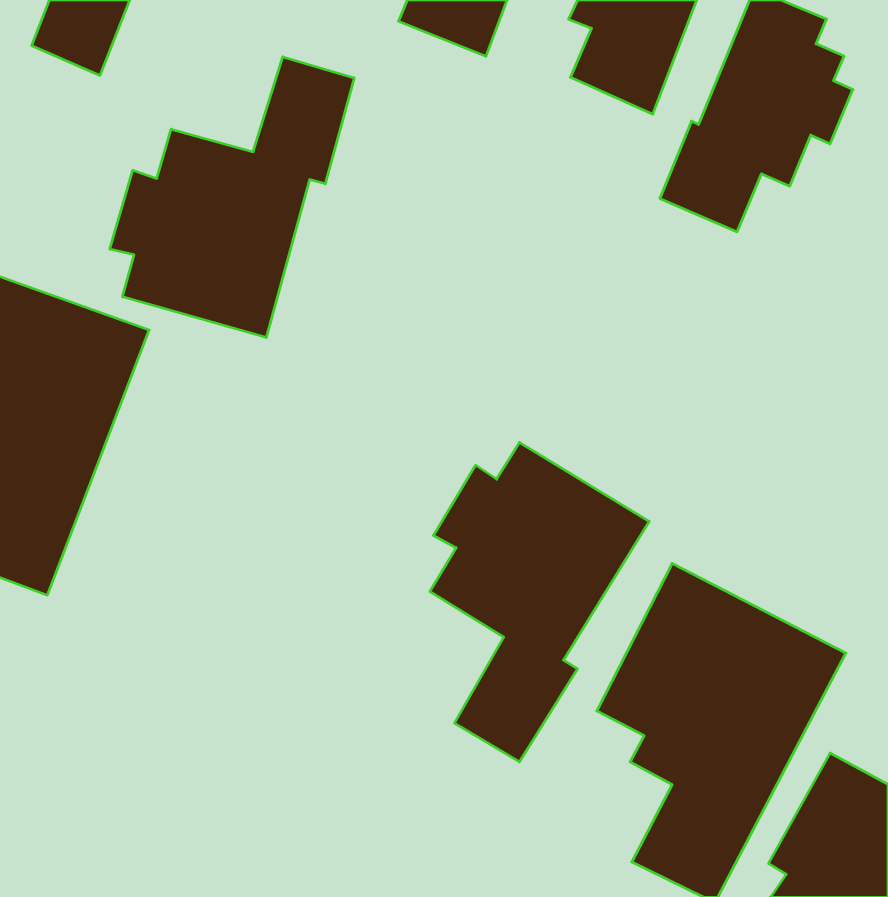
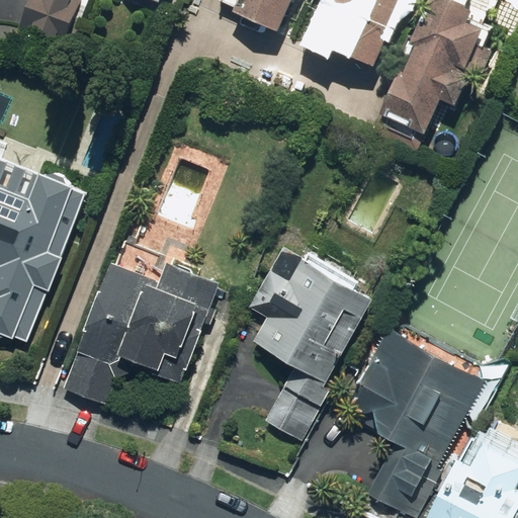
building: [110,57,354,338] -> none
building: none -> [63,265,215,398]

